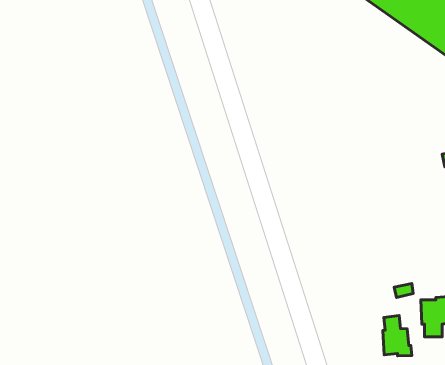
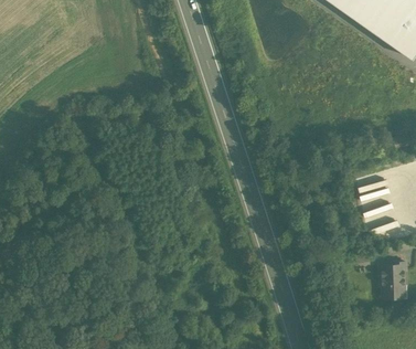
building: [383,316,412,356] -> none

